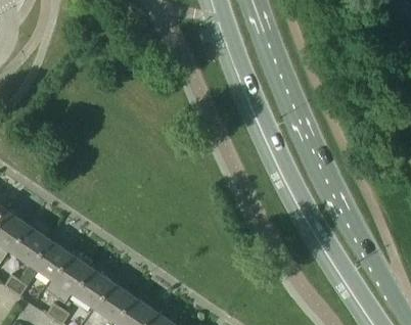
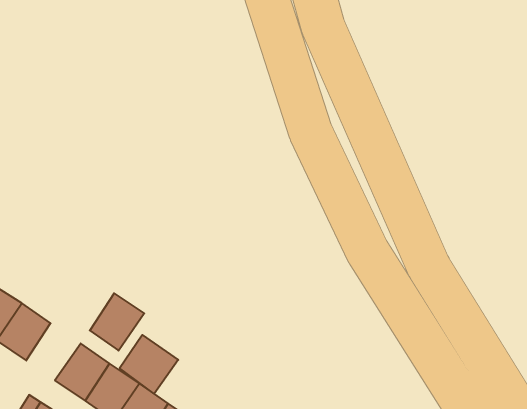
building: [51,252,90,293] -> [90,293,144,351]
building: none -> [120,335,178,394]

